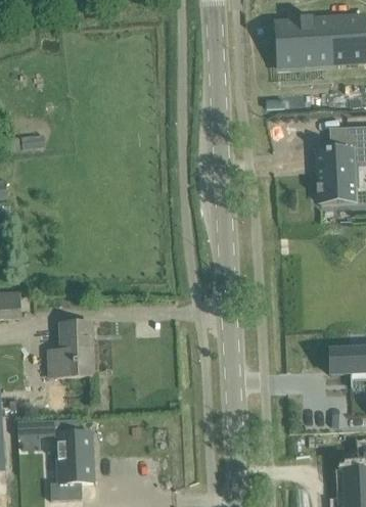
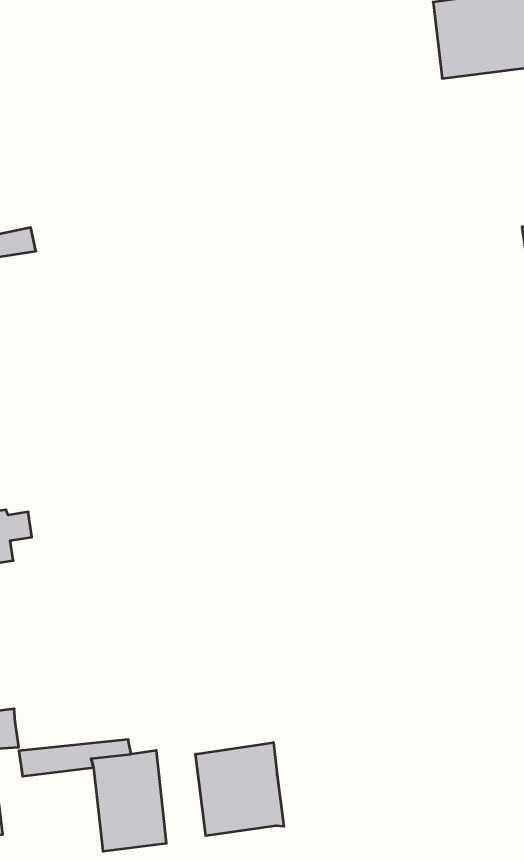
building: [47,322,93,376] -> none
building: none -> [196,742,284,836]

